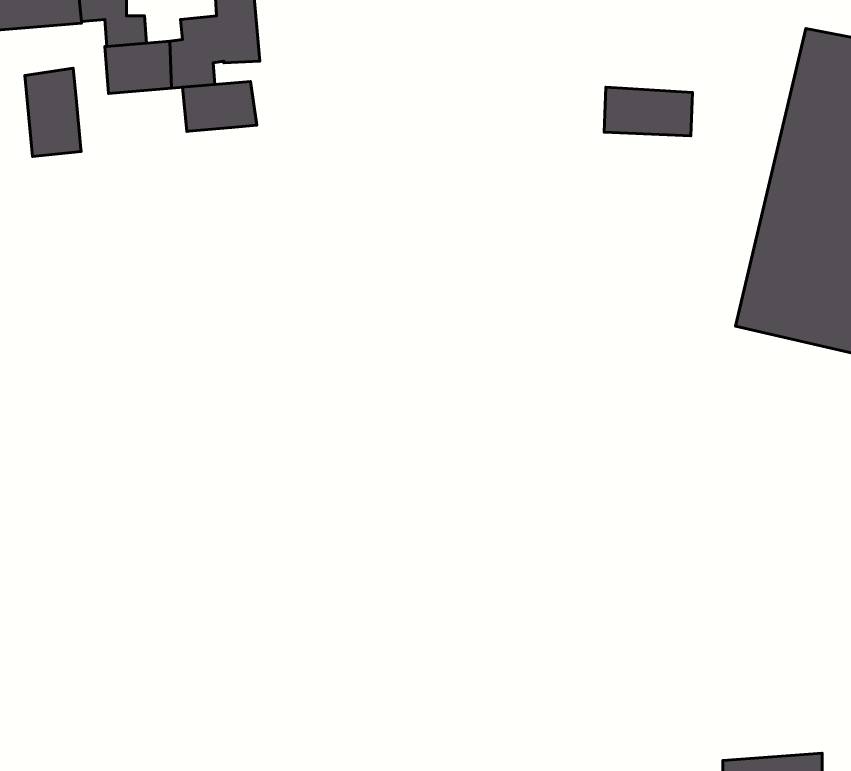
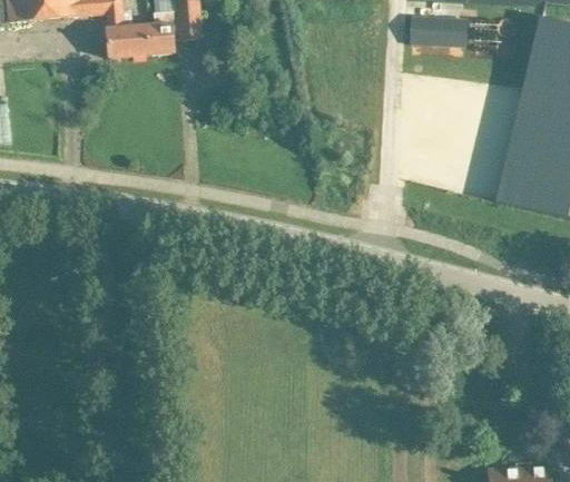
building: [25,68,81,156] -> none
building: [183,81,257,131] -> none
building: [604,87,692,136] -> [411,16,465,46]

